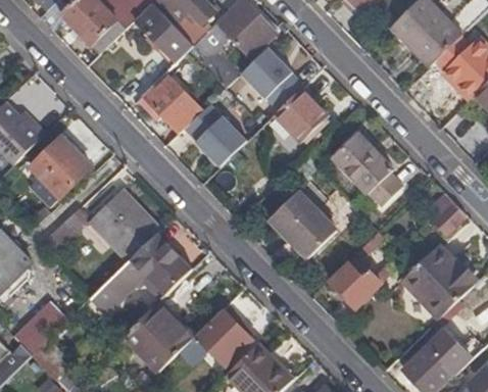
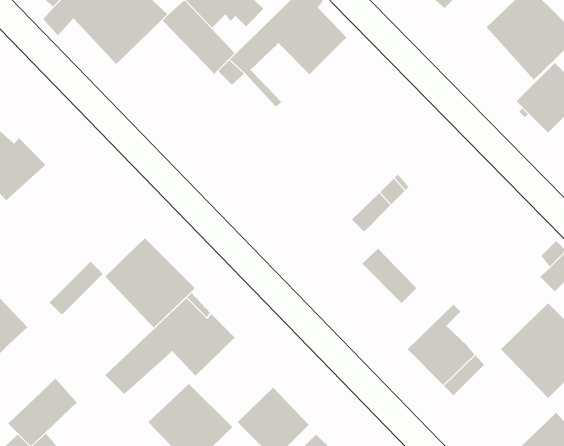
building: [242,45,295,97] -> none
building: [143,74,202,133] -> none
building: [274,87,327,140] -> none
building: [197,115,247,165] -> none
building: [332,132,402,204] -> none
building: [28,137,90,199] -> none
building: [277,211,324,258] -> none

